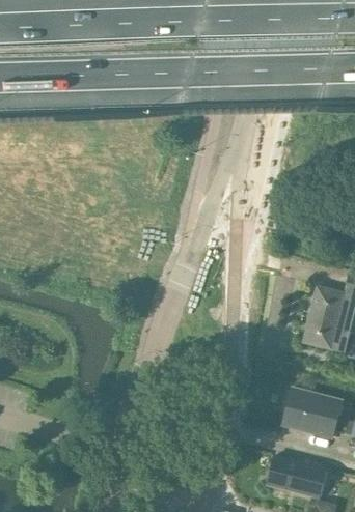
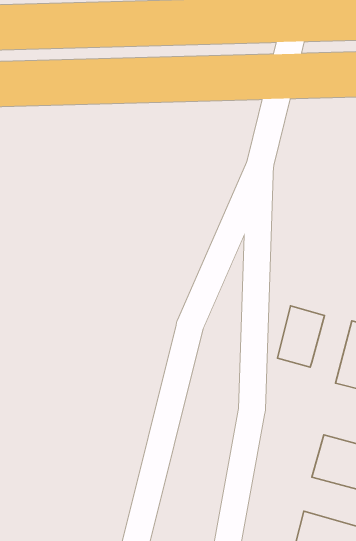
building: none -> [277,306,324,367]

